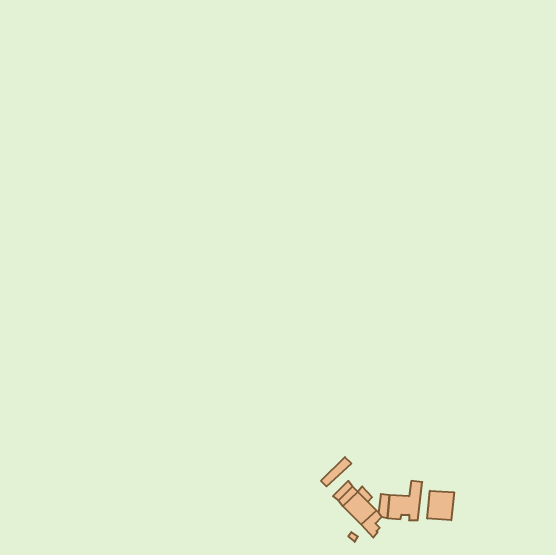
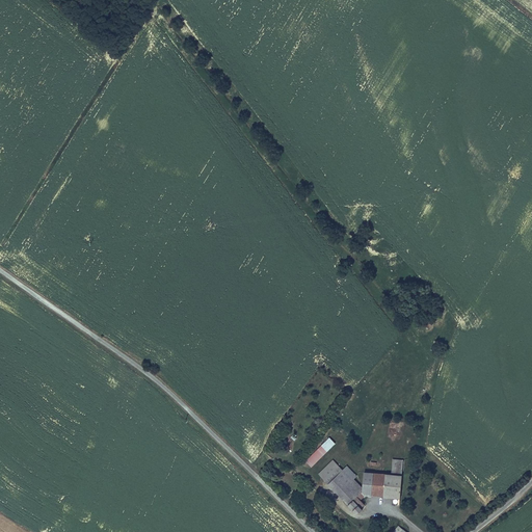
building: [427,491,454,520] -> none

